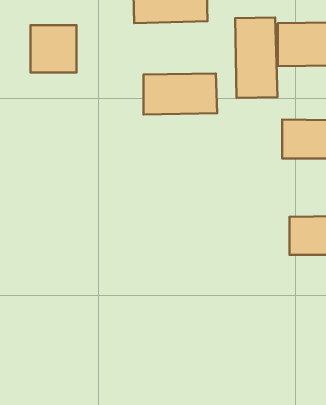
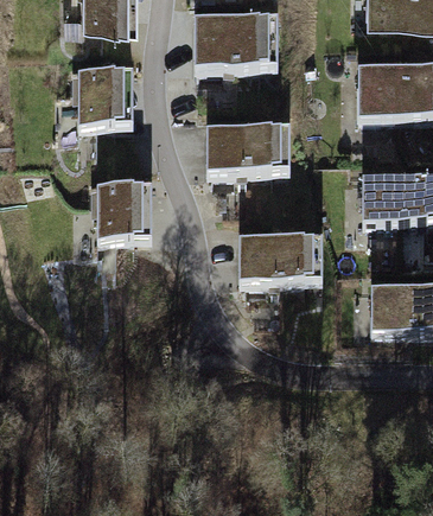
building: [235,18,277,98] -> none
building: none -> [95,185,149,242]
building: none -> [238,238,320,284]

